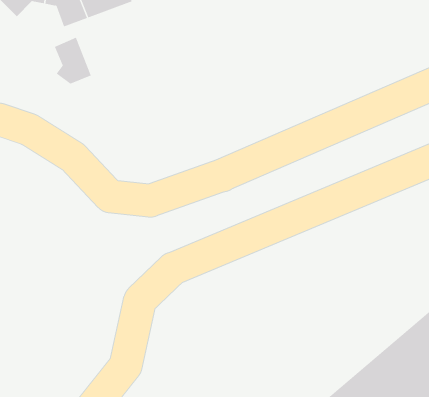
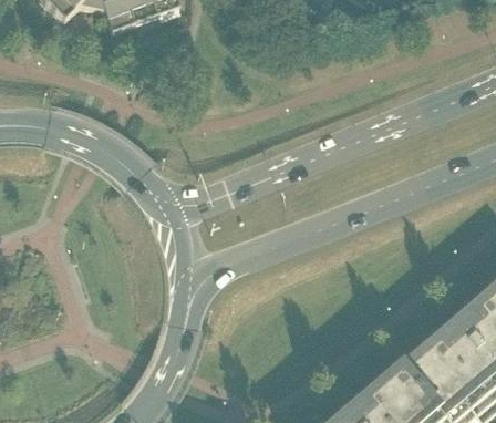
building: [54,37,92,85] -> none

